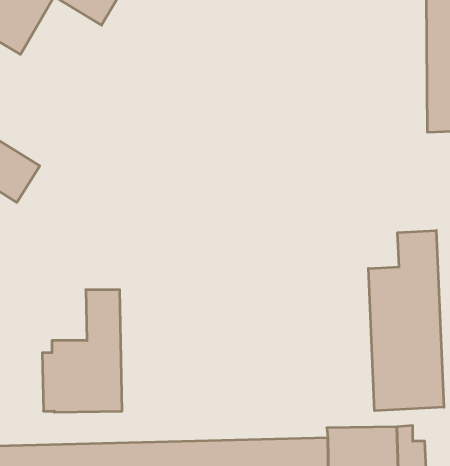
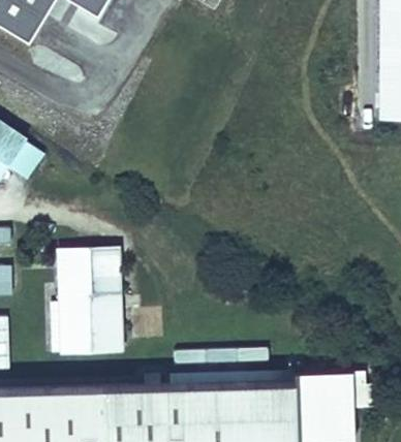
building: [368,230,444,411] -> none
building: none -> [59,255,90,298]

